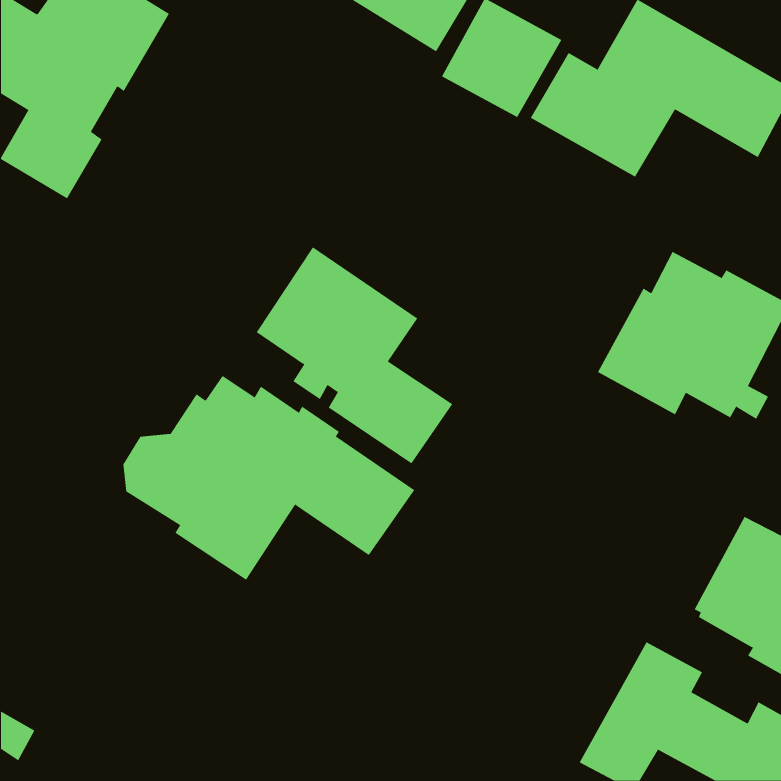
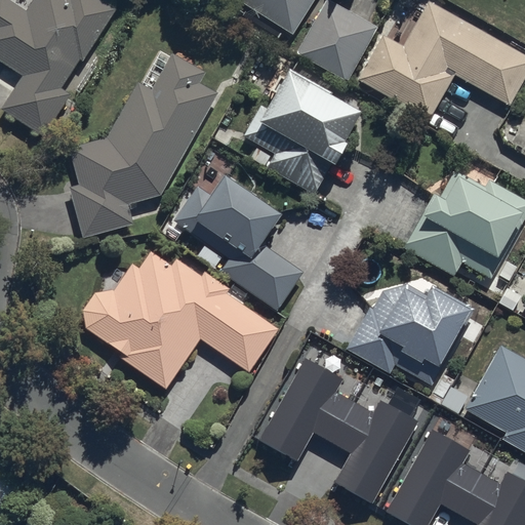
building: none -> [71,51,218,236]
building: none -> [242,69,361,196]
building: none -> [348,284,469,386]
building: none -> [260,358,418,500]

